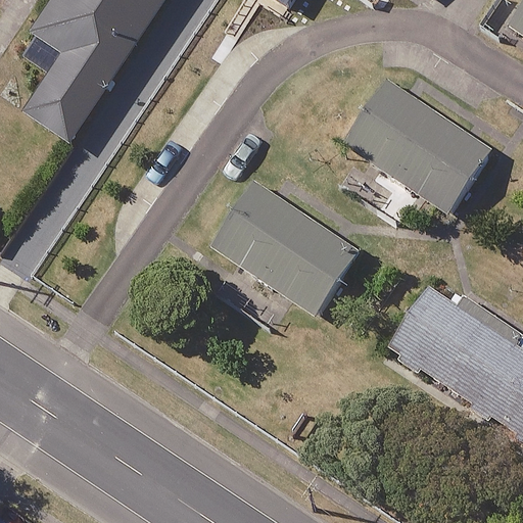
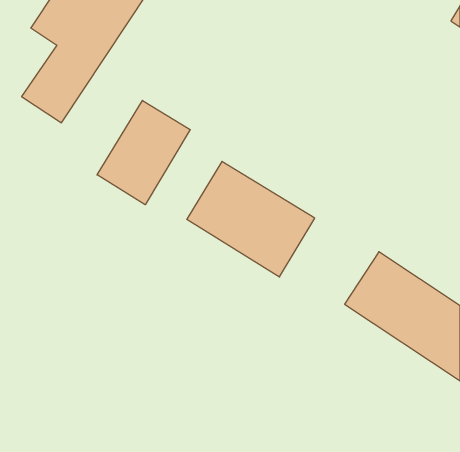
building: [346,81,488,210] -> none
building: none -> [97,100,190,205]

